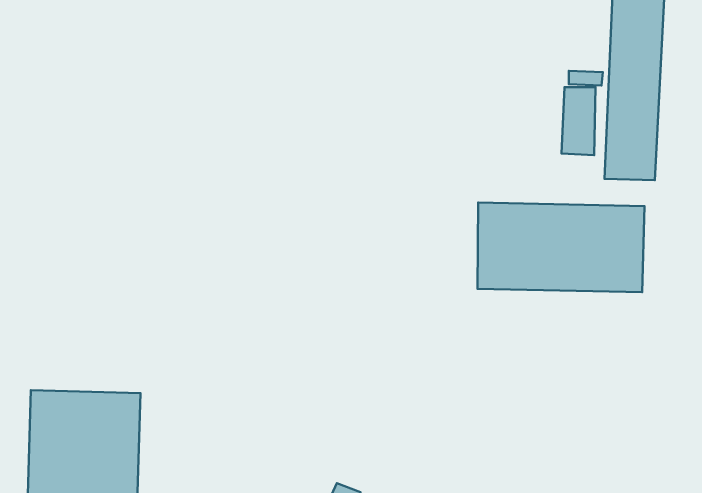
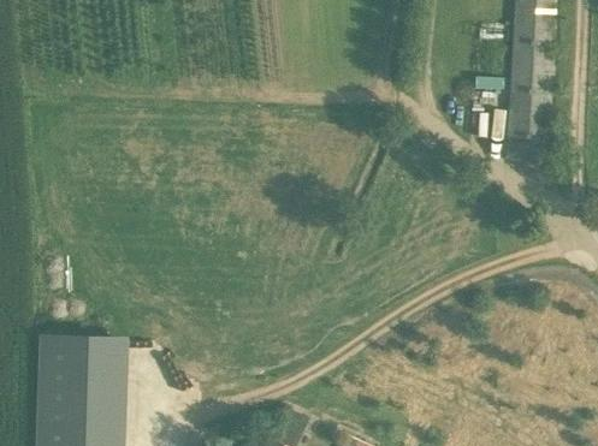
building: [477,202,644,292] -> none

